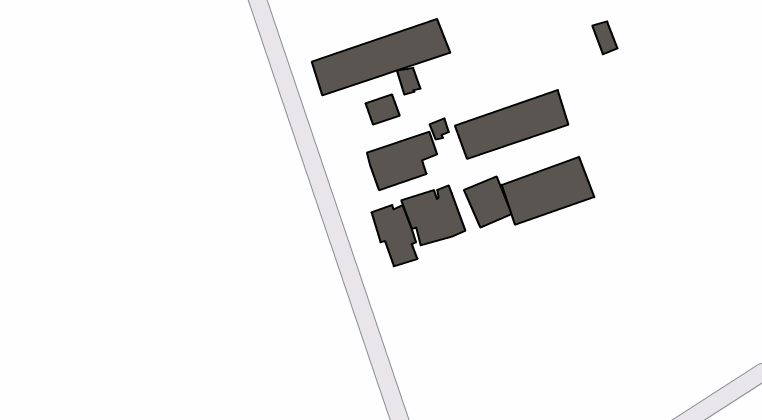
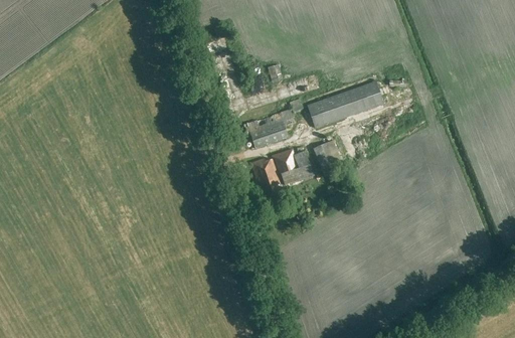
building: [312,19,450,95] -> none
building: [502,157,594,225] -> none

